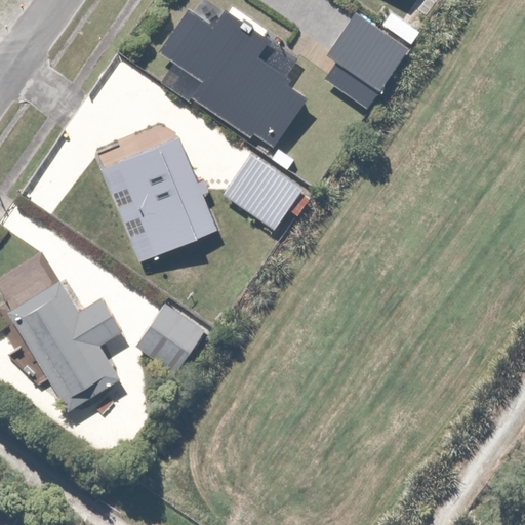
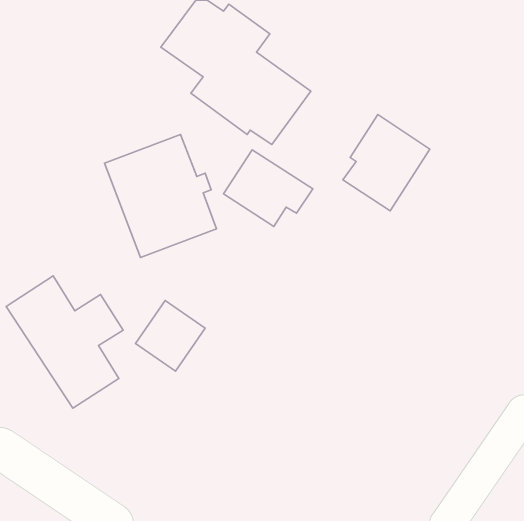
building: [320,12,407,109] -> [343,114,430,211]

